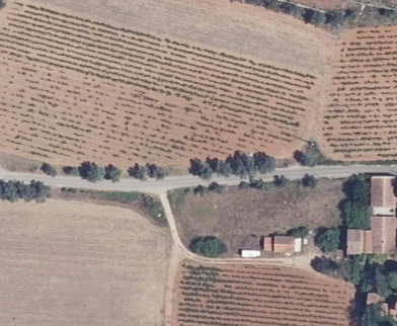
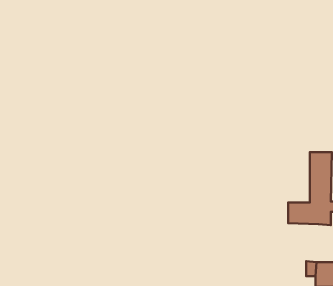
building: [263,238,295,252] -> none

